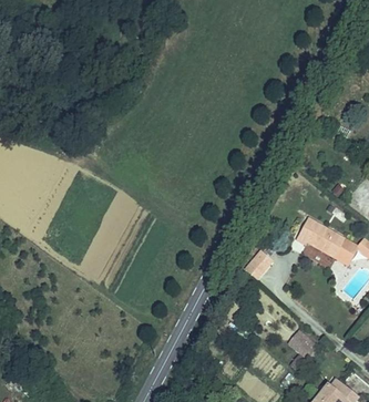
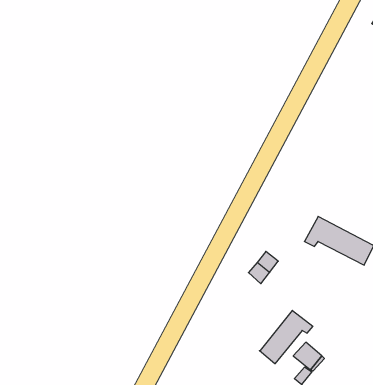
building: none -> [259,310,313,364]

